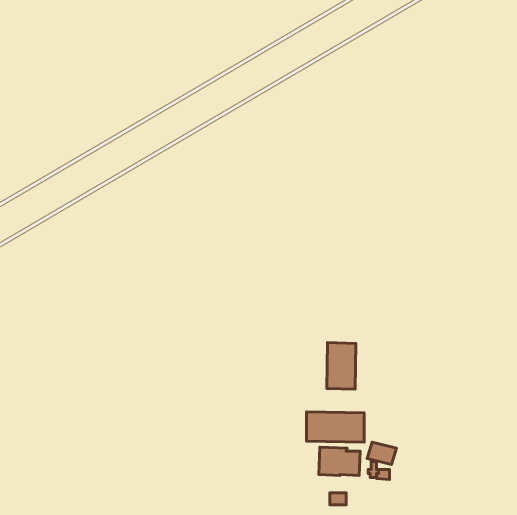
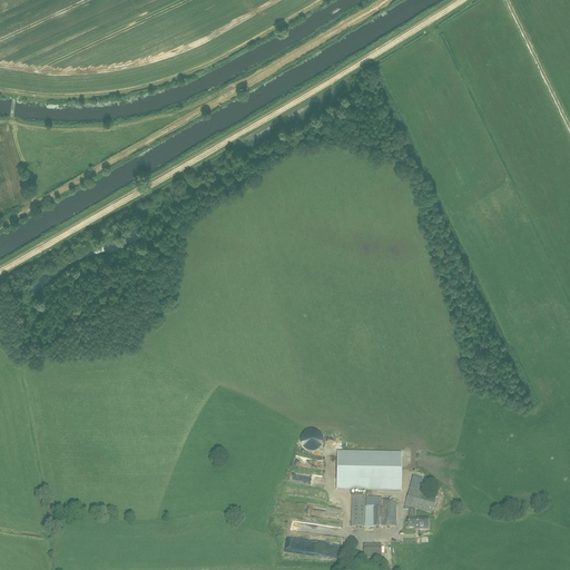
building: [327,342,356,389] -> none

